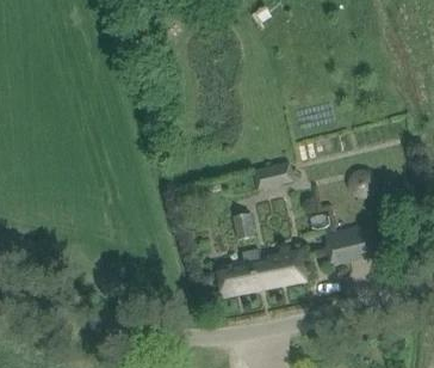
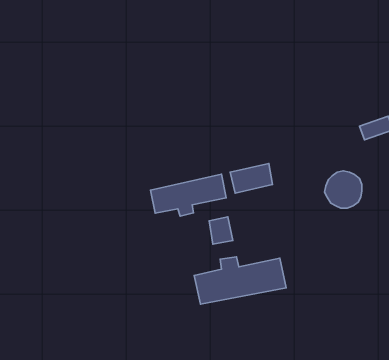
building: none -> [151,174,226,216]
building: [324,223,378,265] -> none

